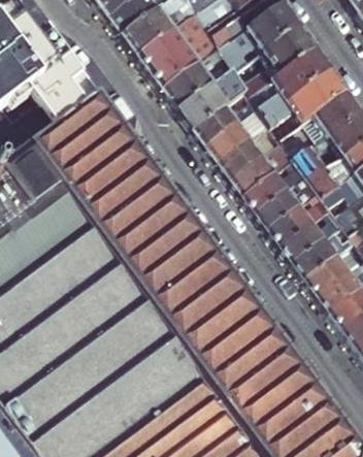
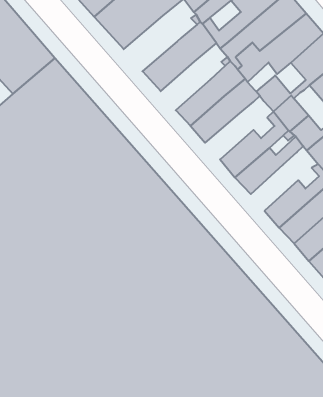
building: [161,58,214,107] -> none
building: [192,102,238,145] -> none
building: [229,138,294,194] -> none
building: [267,188,331,244] -> none

